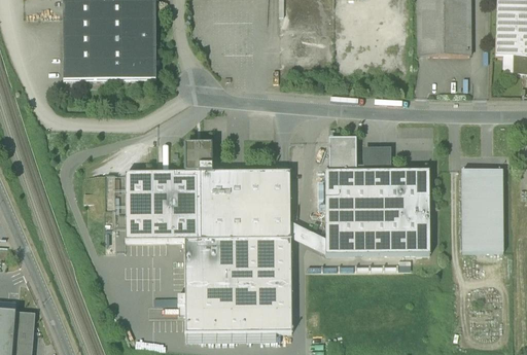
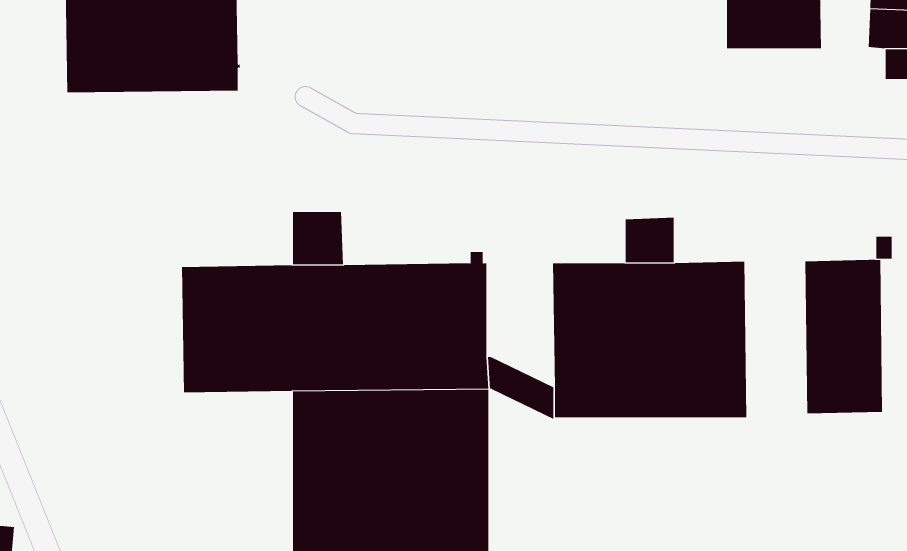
building: [330,137,364,170] -> none

